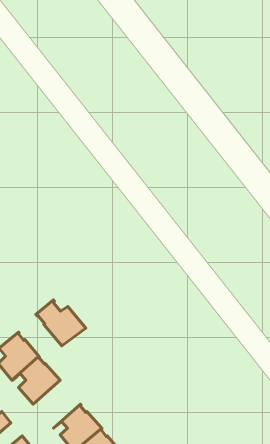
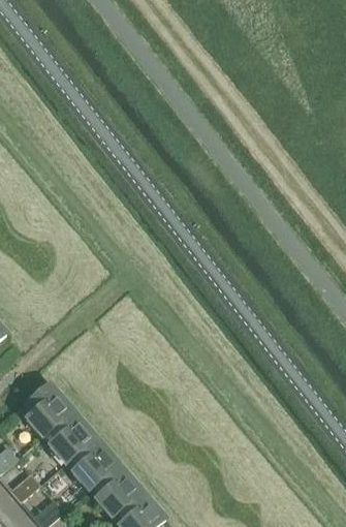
building: [36,300,86,346] -> none
building: none -> [66,437,119,491]

